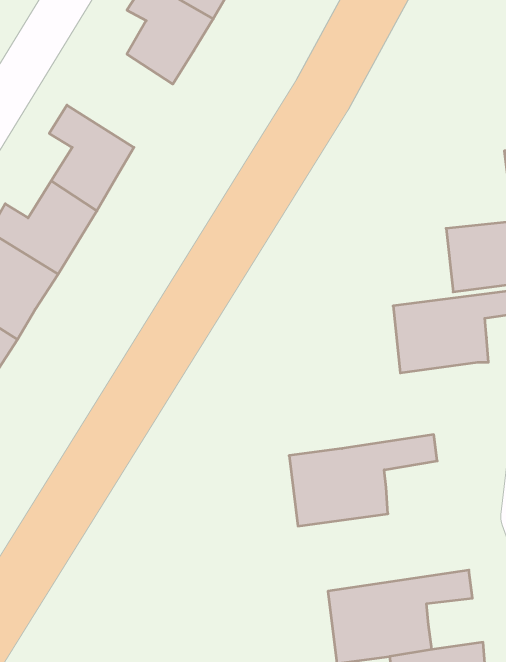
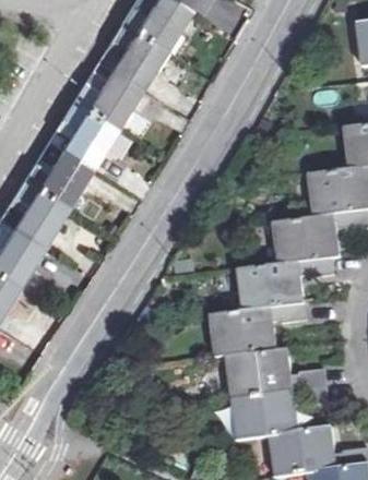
building: none -> [74,68,140,125]
building: none -> [239,259,330,312]
building: none -> [230,355,323,400]

